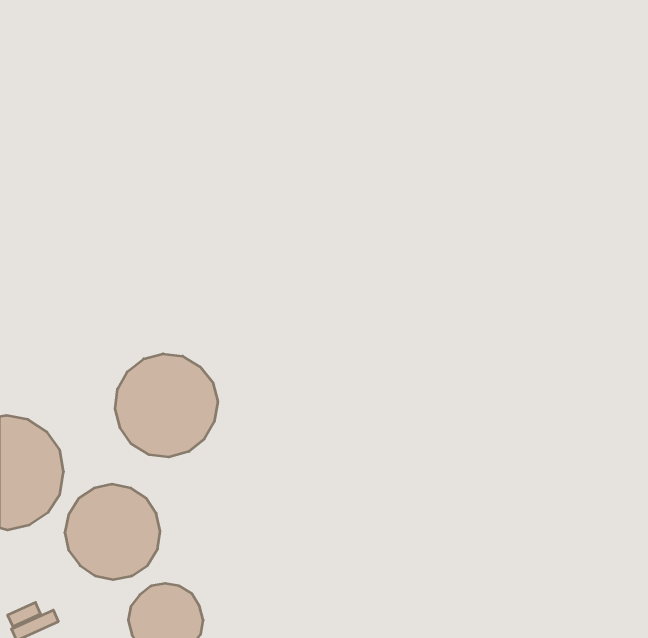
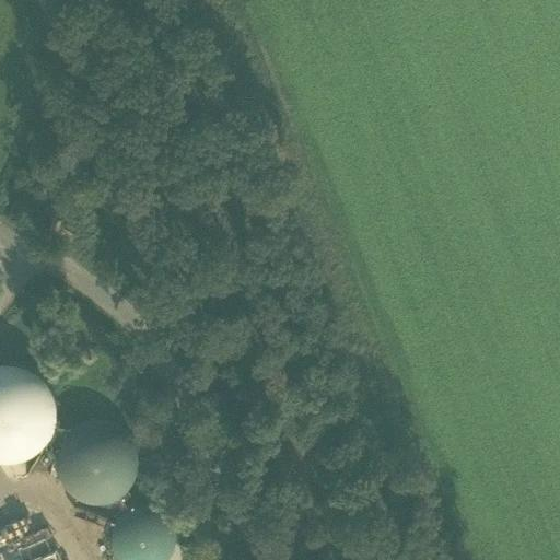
building: [115,354,218,457] -> none

